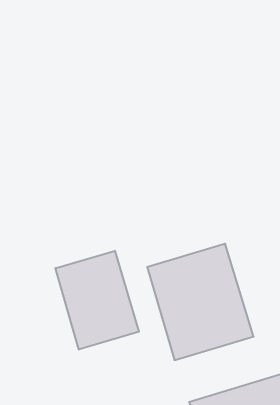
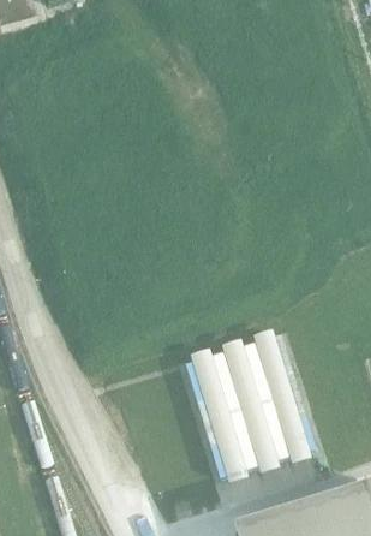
building: [55,251,139,350] -> none

